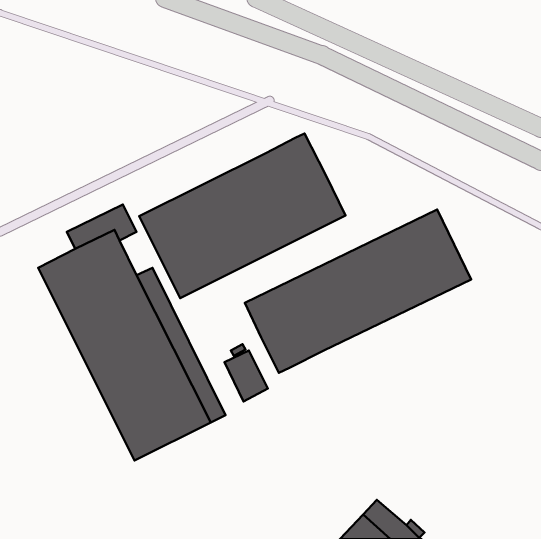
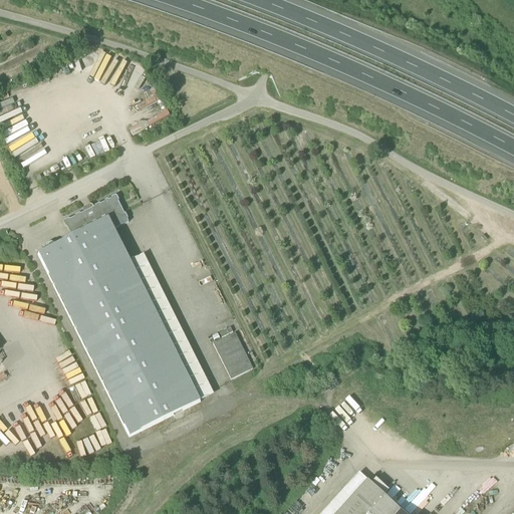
building: [139,133,345,298] -> none
building: [245,209,471,373] -> none

